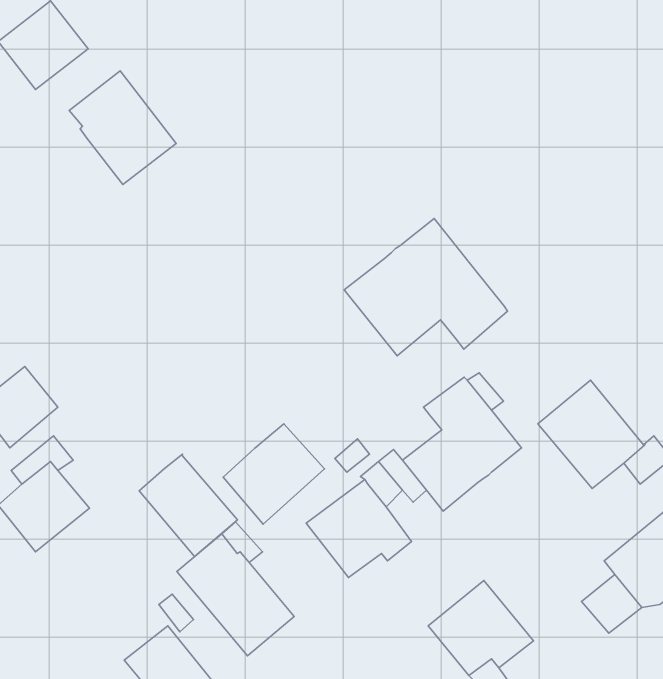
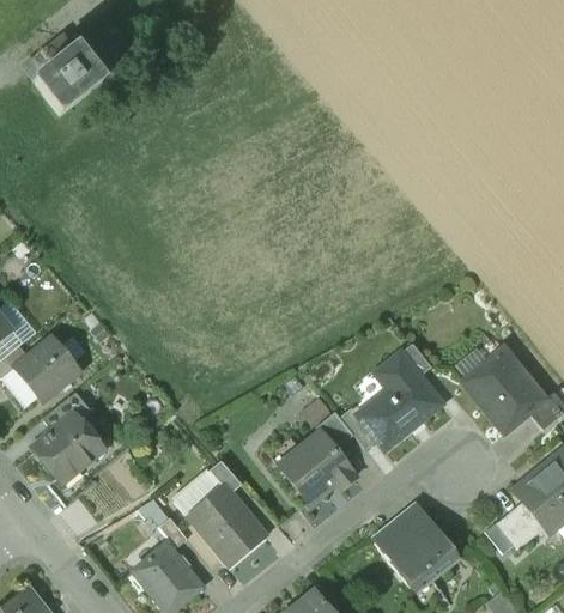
building: [69,71,176,184] -> none
building: [344,218,507,356] -> none
building: [223,424,324,524] -> none
building: [139,454,238,557] -> none

